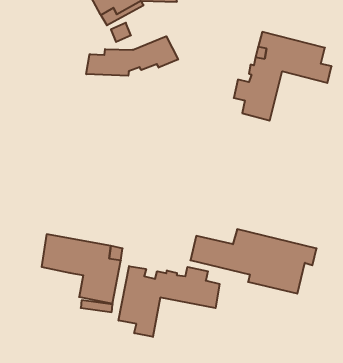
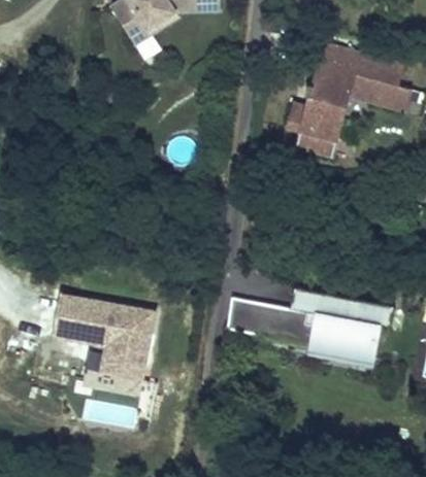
building: [86,36,178,76] -> none
building: [119,266,220,337] -> none

